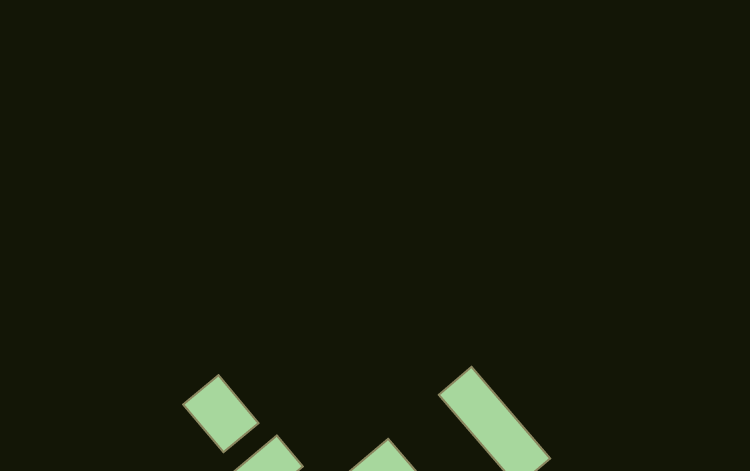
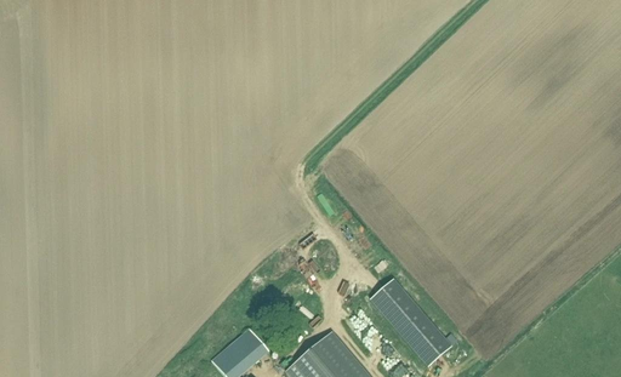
building: [183,375,258,452] -> none

